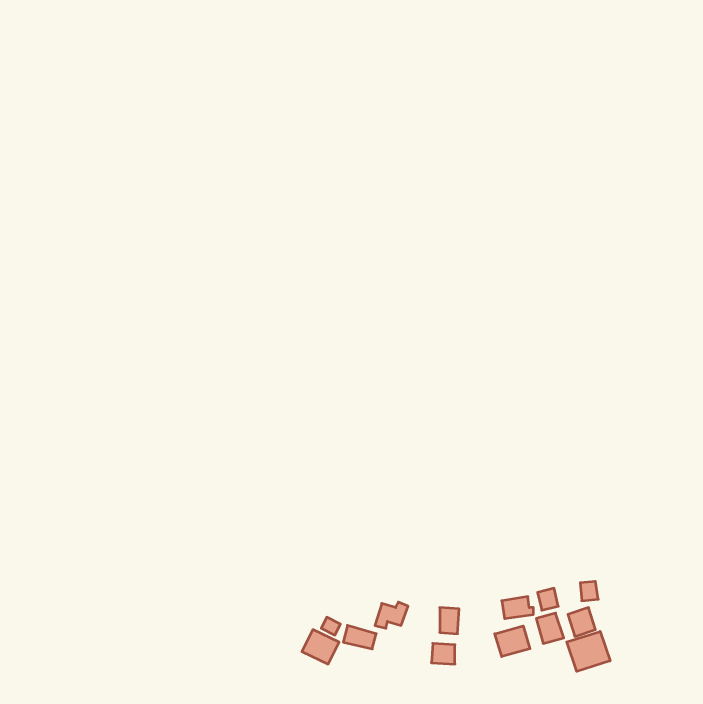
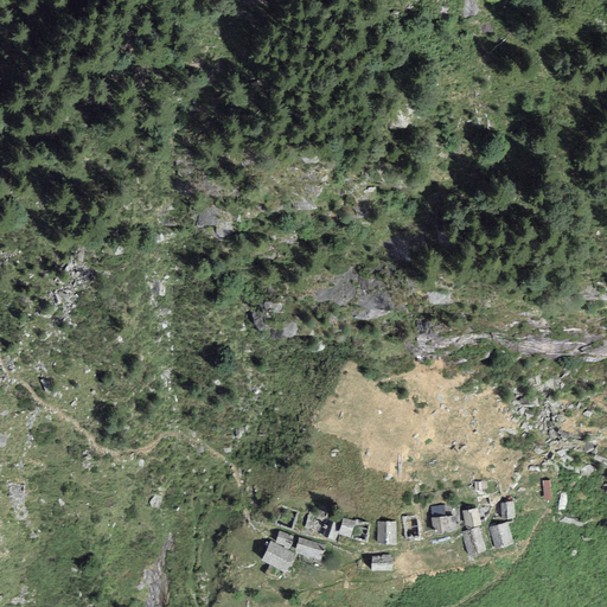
building: [495,626,530,657] -> none
building: [567,631,610,671] -> none

